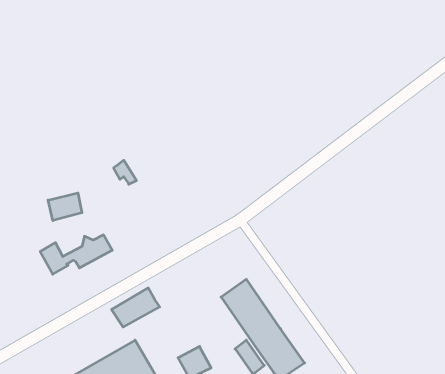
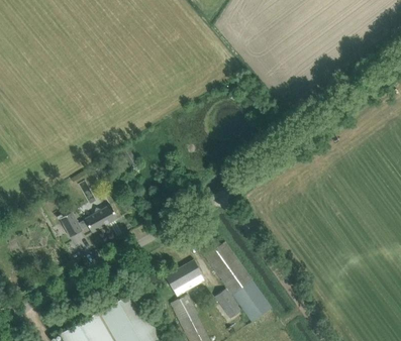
building: [48,193,82,221] -> none
building: [112,288,160,327] -> [164,261,202,293]

